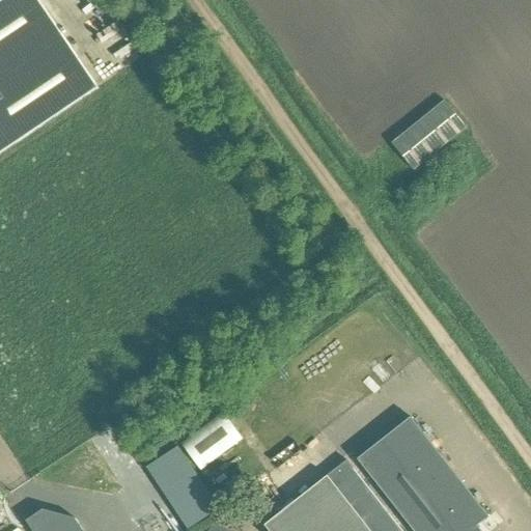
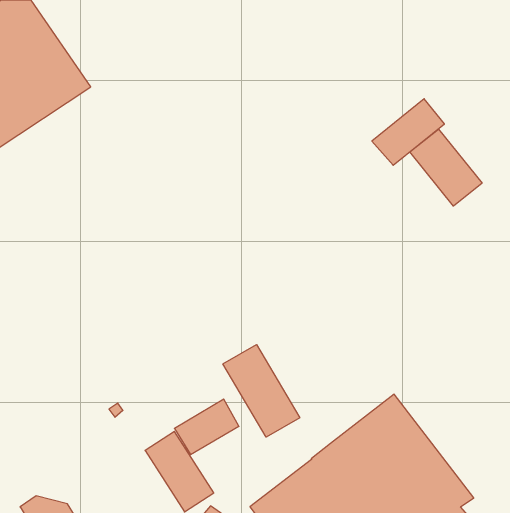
building: none -> [410,129,482,206]
building: none -> [223,345,300,437]

